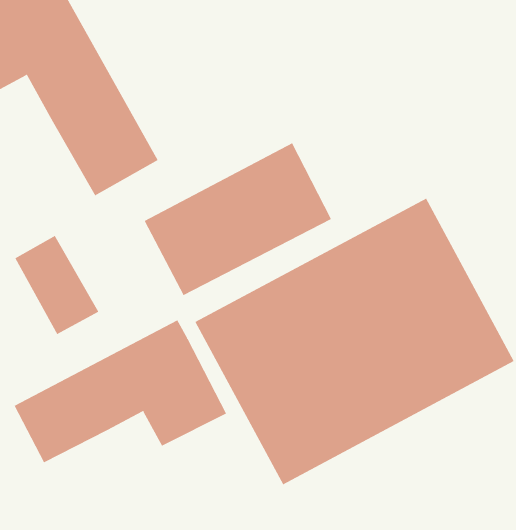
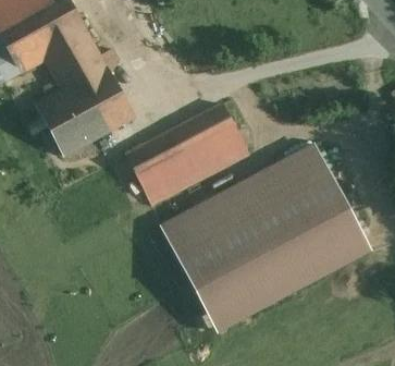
building: [14,235,99,335] -> [35,87,91,154]
building: [14,319,227,463] -> none

